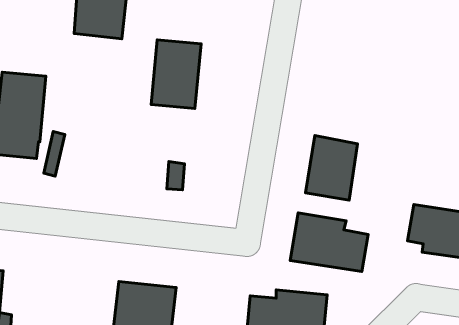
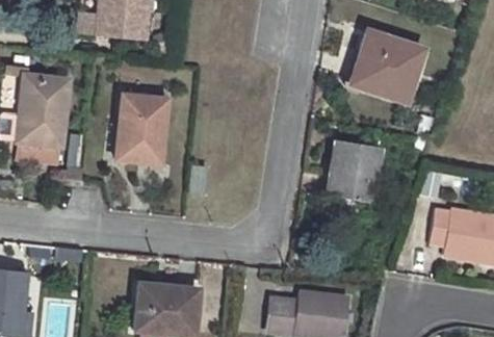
building: none -> [356,31,423,102]
building: [151,40,201,109] -> [116,95,166,163]
building: [290,213,368,271] -> none

